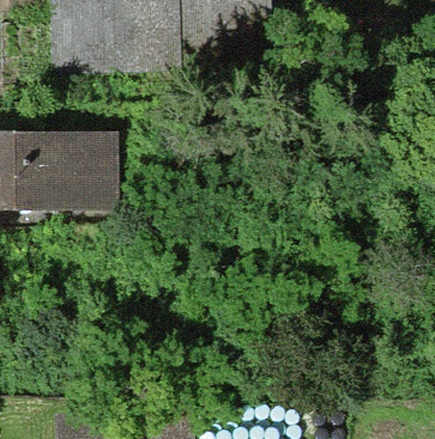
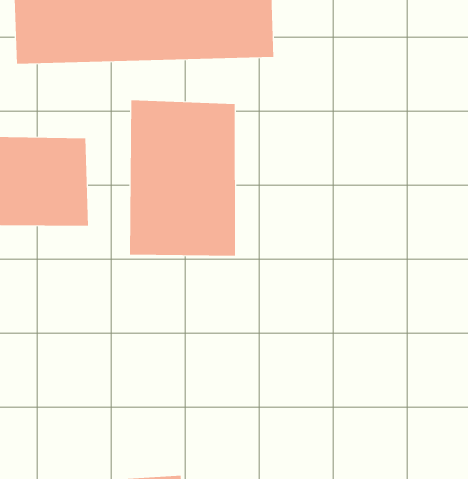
building: none -> [130,100,236,257]

